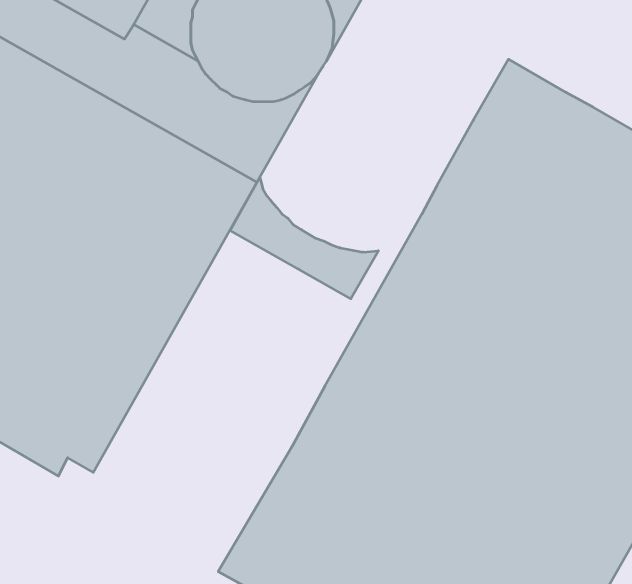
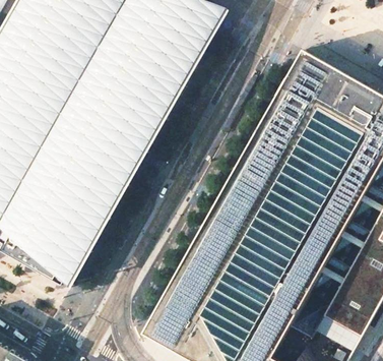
building: [230,177,378,299] -> none

